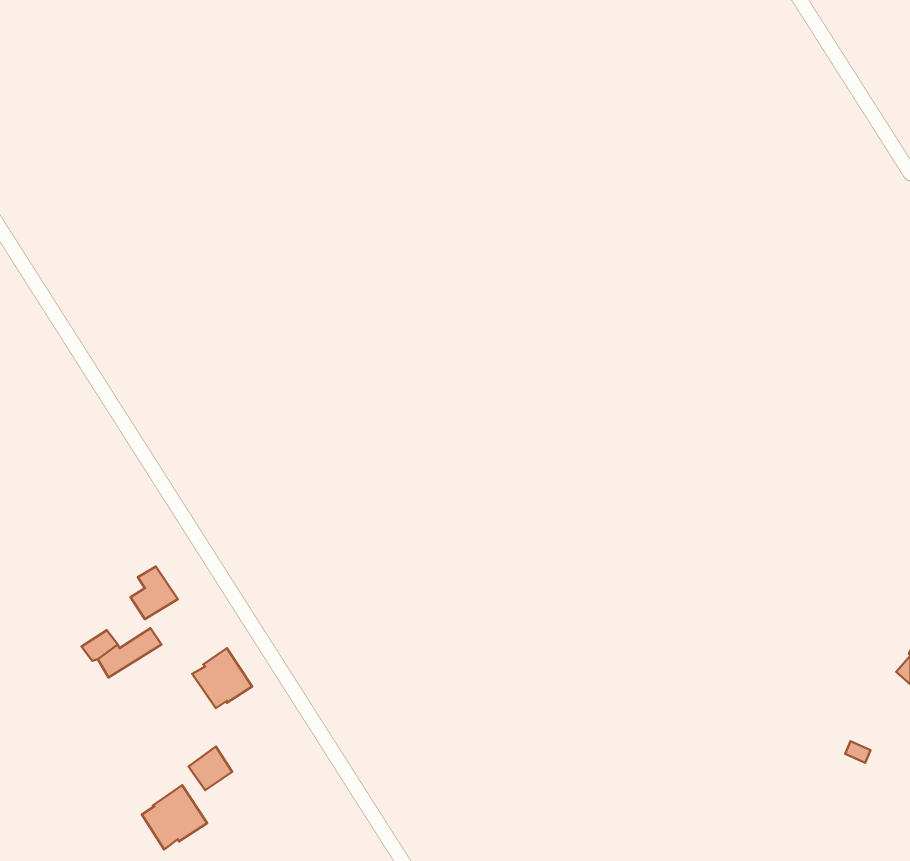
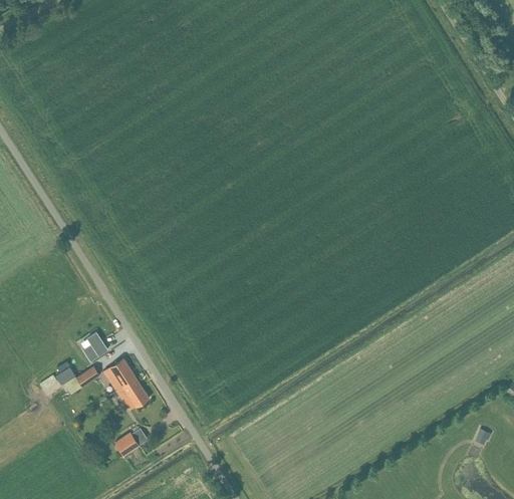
building: none -> [104,357,136,391]
building: [142,785,207,849] -> none

